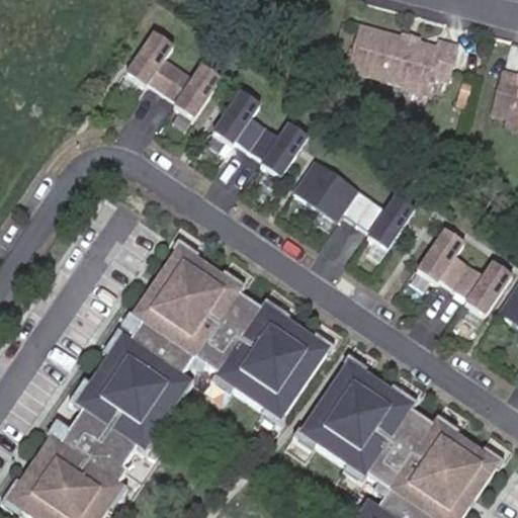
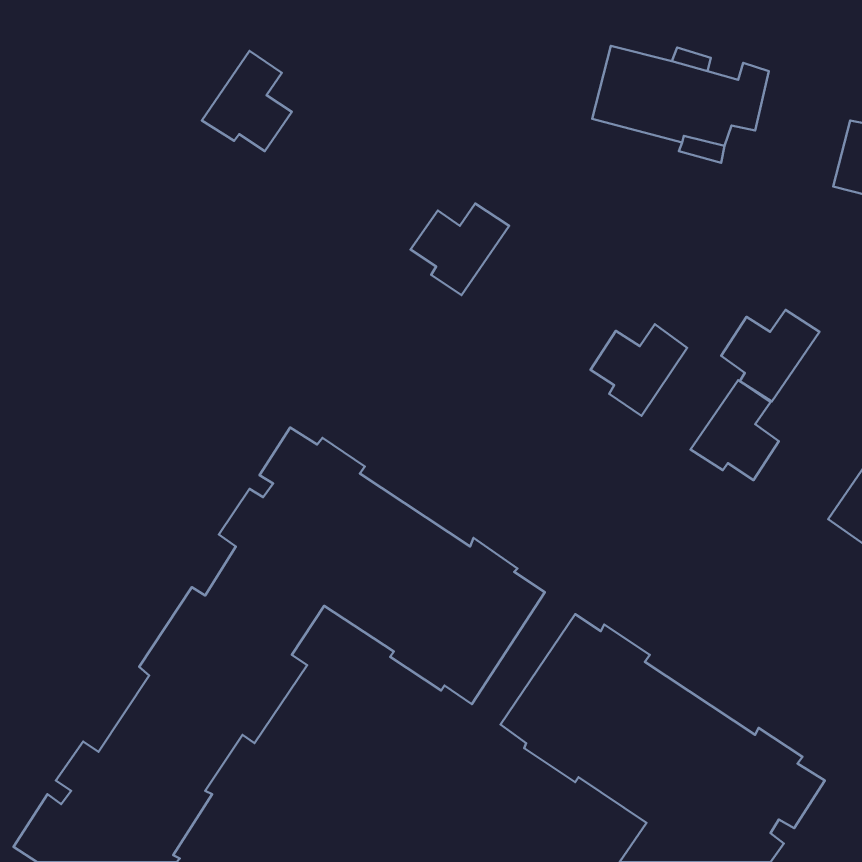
building: [161,62,220,117] -> none
building: [210,89,264,149] -> none
building: [292,159,370,221] -> none
building: [452,259,511,314] -> [721,310,819,402]

